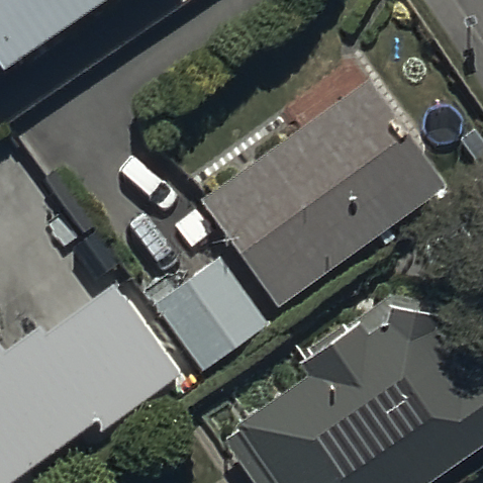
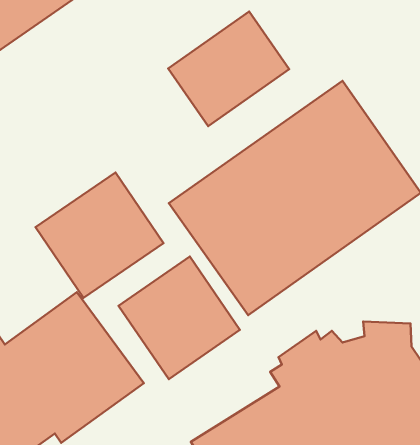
building: none -> [168,12,289,126]
building: none -> [36,172,163,298]

